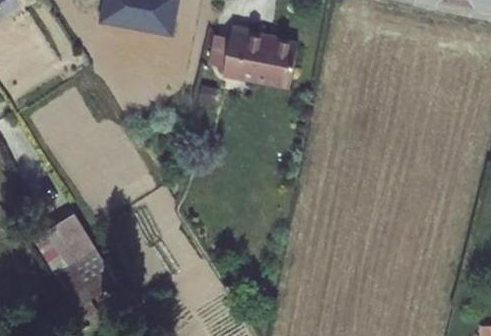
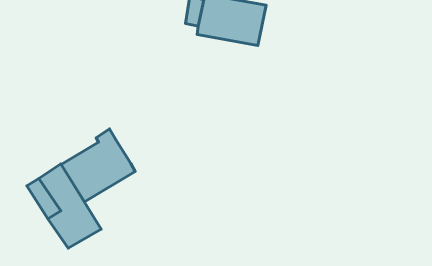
building: none -> [61,129,135,202]

